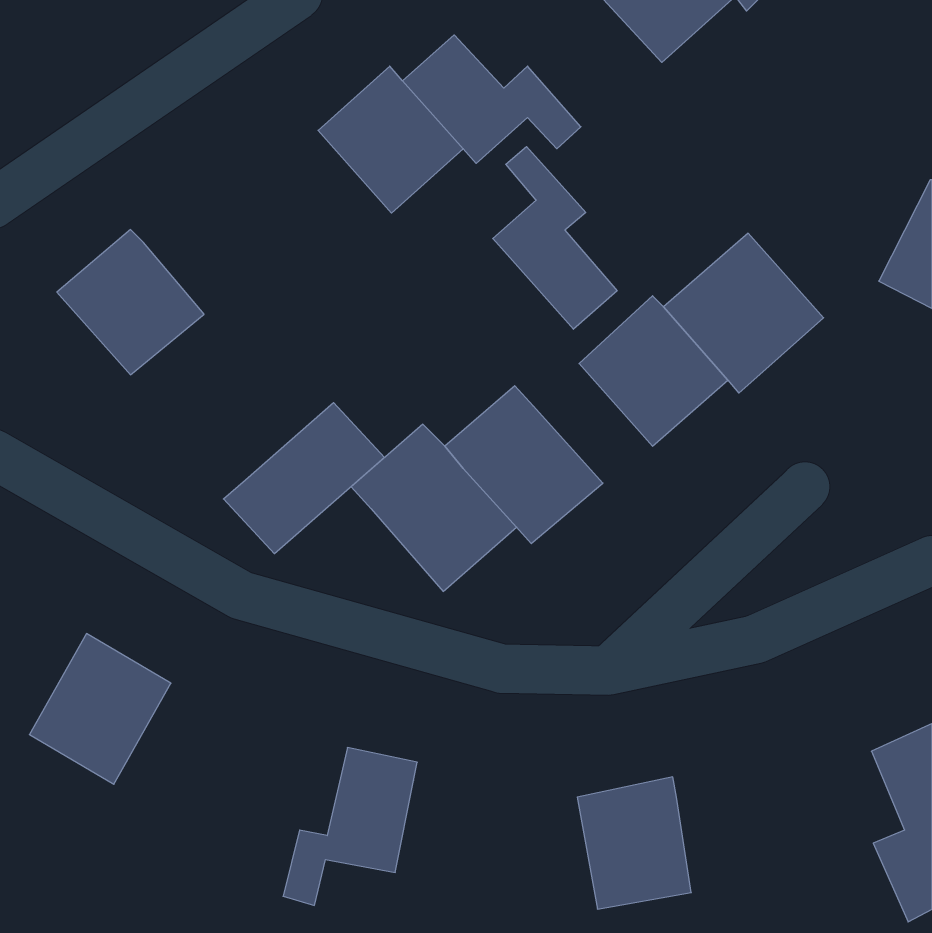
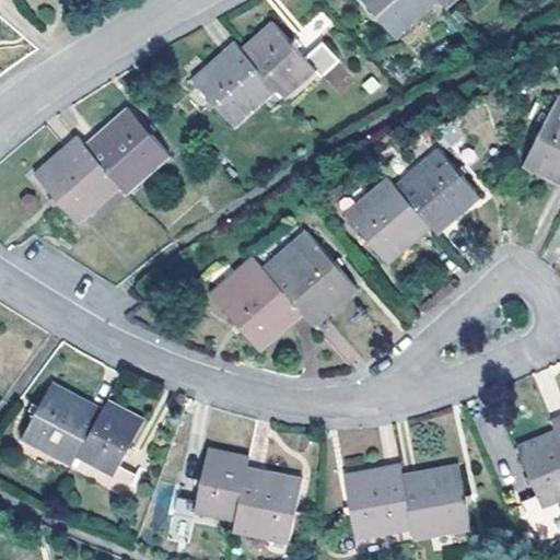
building: [493,147,617,329] -> none
building: none -> [85,106,172,196]
building: [223,403,384,554] -> none
building: none -> [74,398,142,509]
building: none -> [402,464,470,540]
building: none -> [233,465,301,541]

